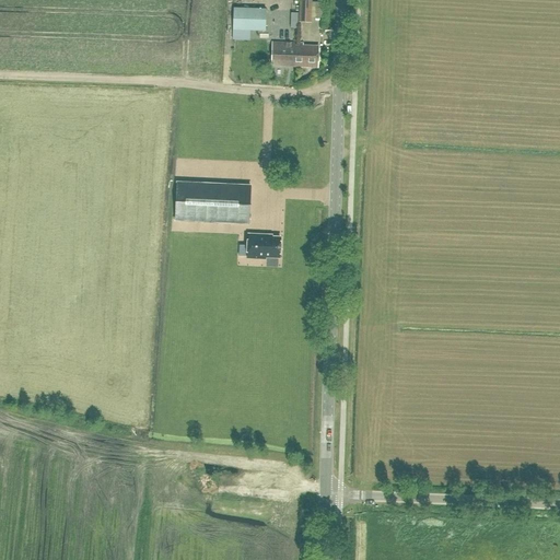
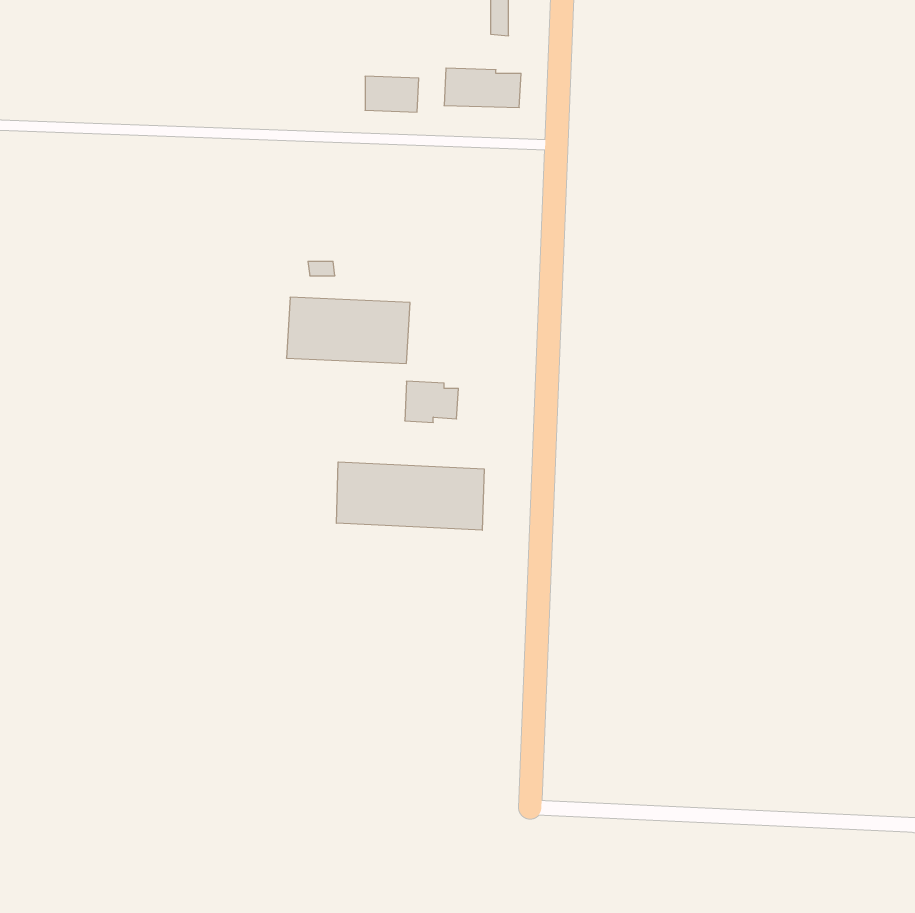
building: [233,7,266,28] -> [365,76,419,112]
building: none -> [336,462,484,530]

